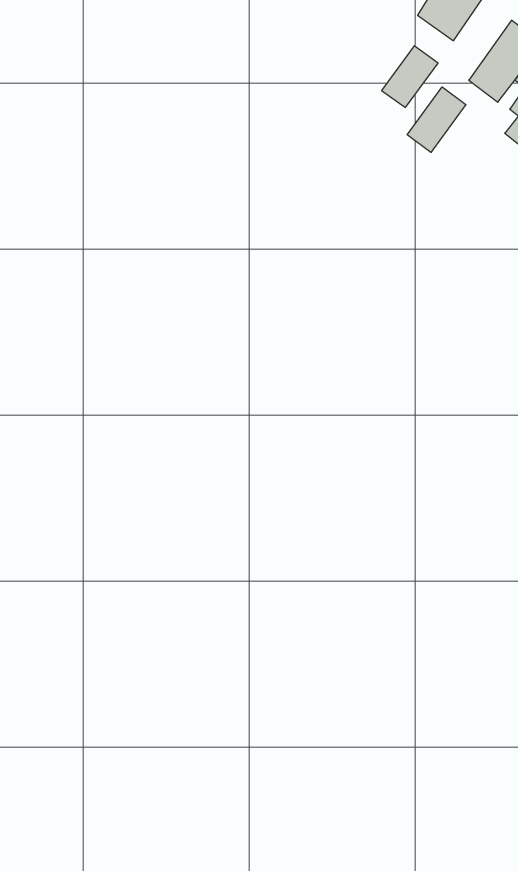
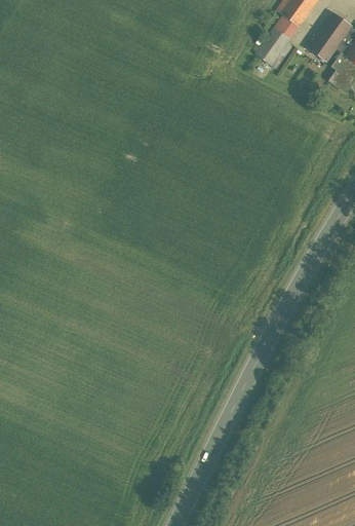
building: [407,87,466,152] -> none

